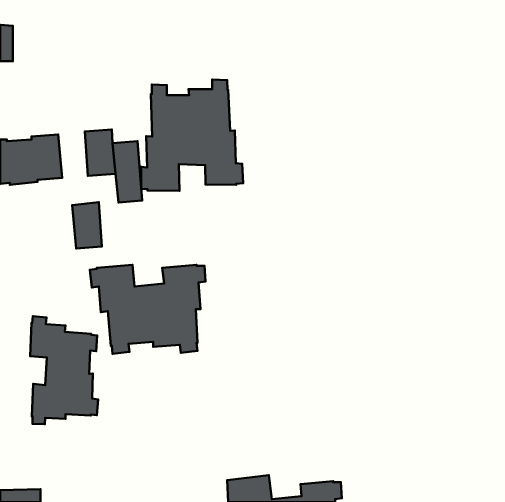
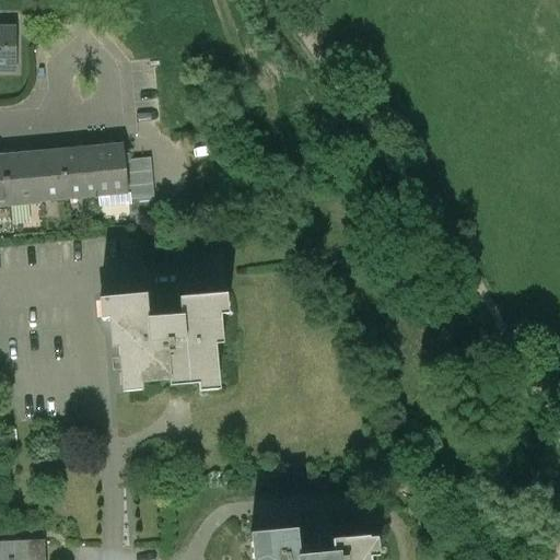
building: [141,79,243,191] -> none
building: [72,202,102,249] -> [65,145,97,197]
building: [30,316,98,424] -> none

